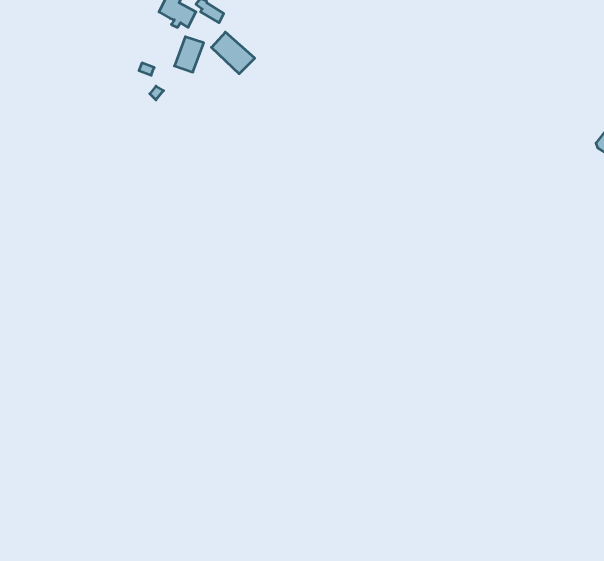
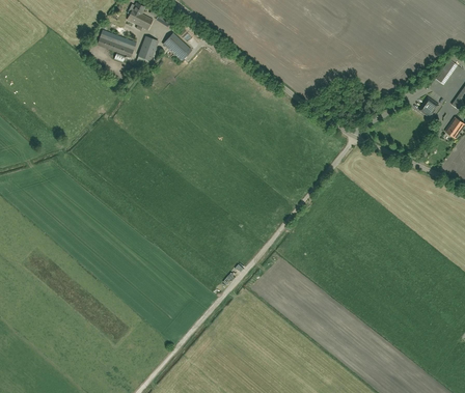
building: none -> [98,30,136,57]

